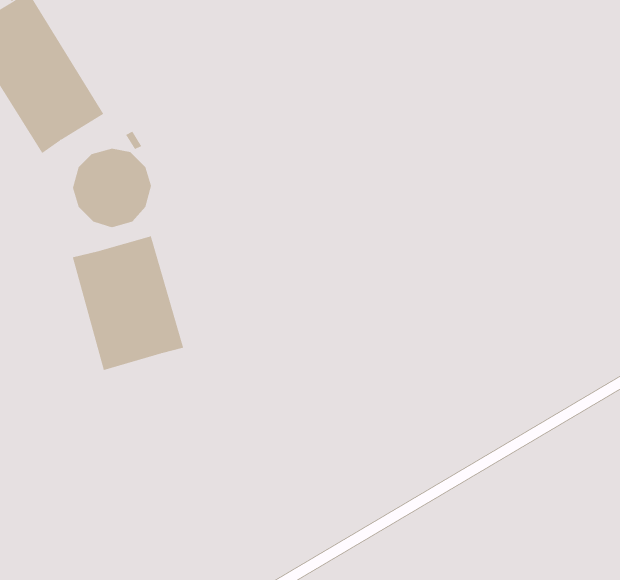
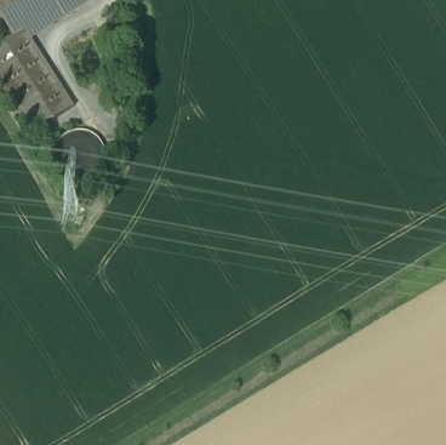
building: [72,236,184,371] -> none

